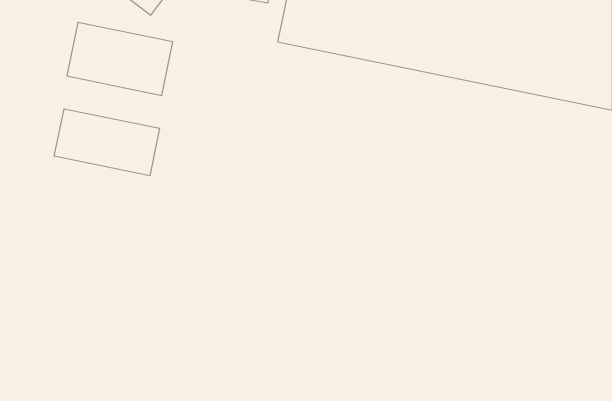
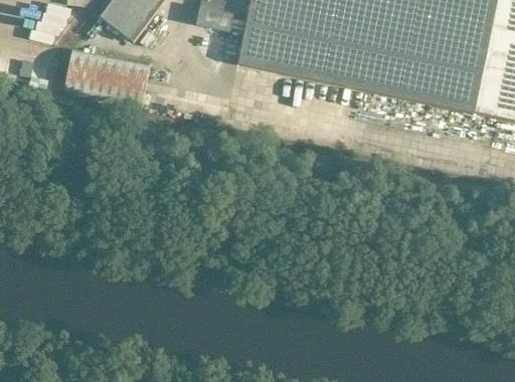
building: [54,109,160,176] -> none

